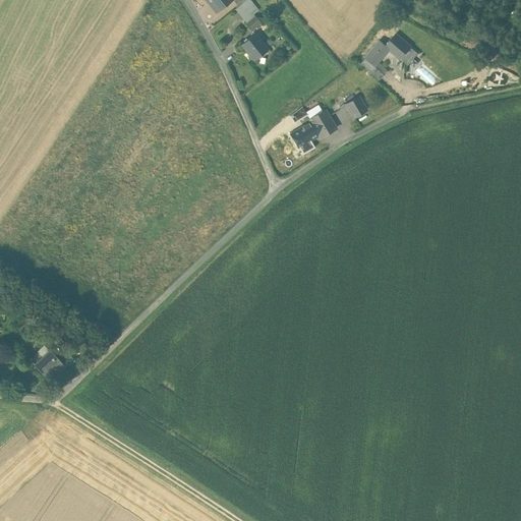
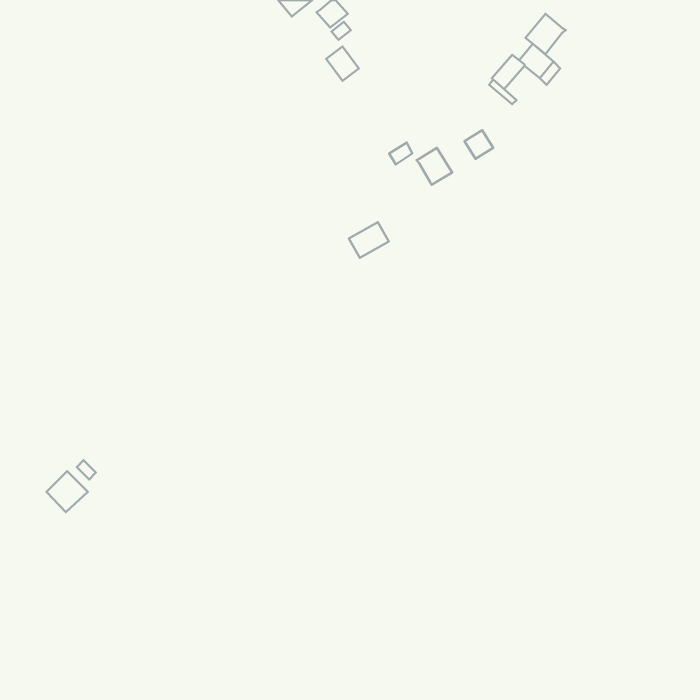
building: none -> [526,14,566,54]
building: [290,121,320,148] -> [349,222,389,258]

